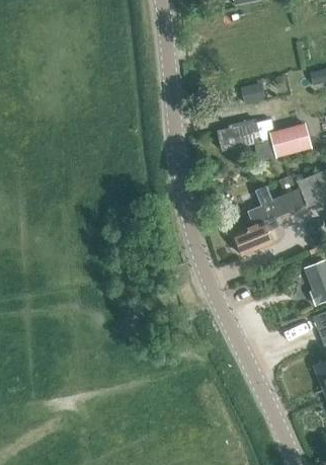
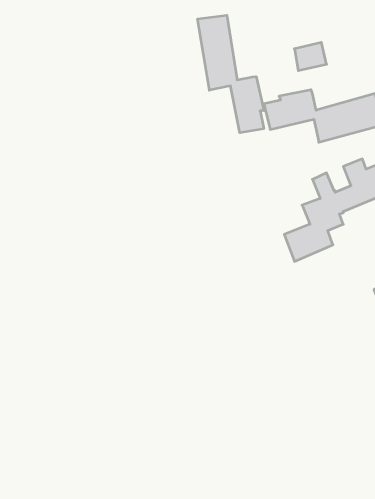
building: none -> [198,15,264,133]

